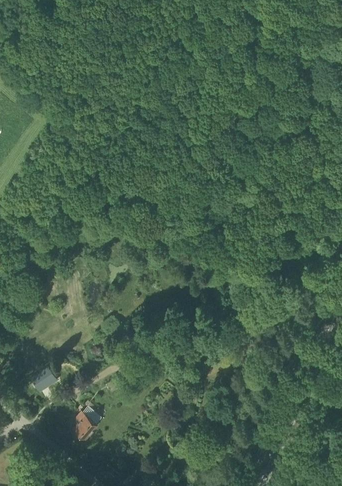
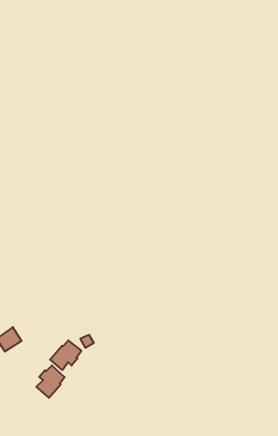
building: none -> [50,340,81,370]

